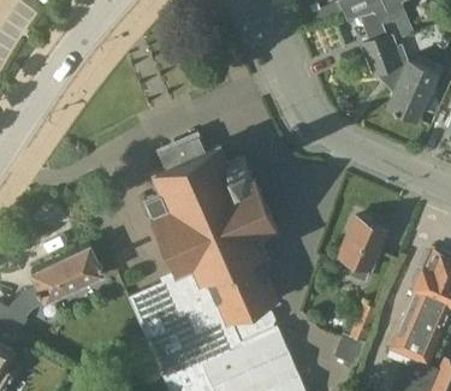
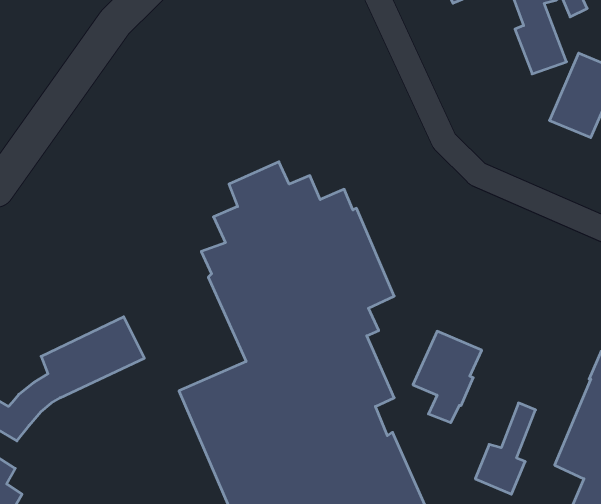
building: [339,218,387,282] -> [413,331,482,423]

